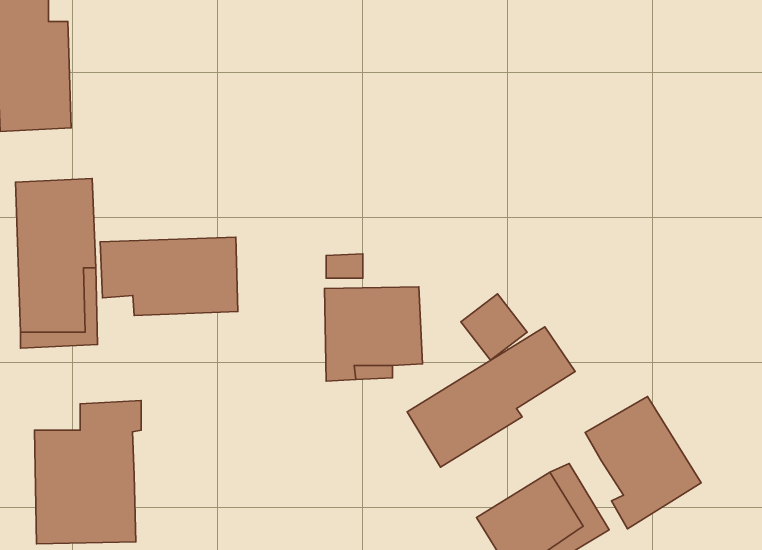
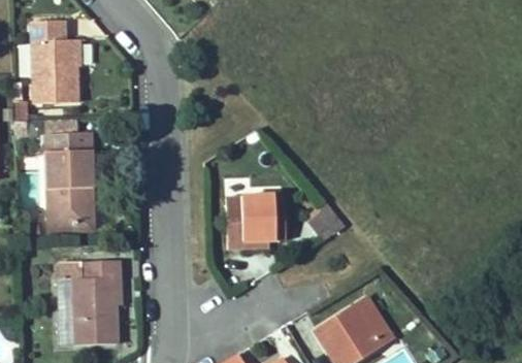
building: [100,237,238,316] -> none
building: [407,327,575,467] -> none
building: [585,397,701,529] -> none

